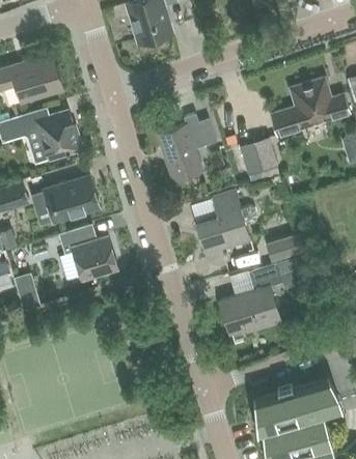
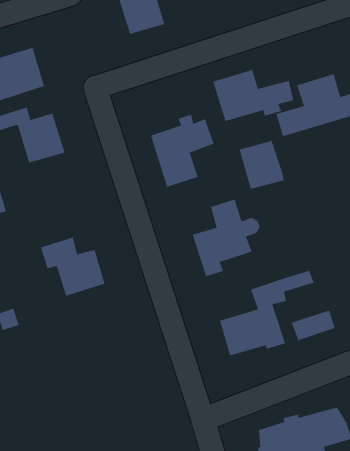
building: none -> [212,69,294,122]
building: [44,175,99,222] -> none
building: [269,233,309,261] -> [291,310,336,341]

